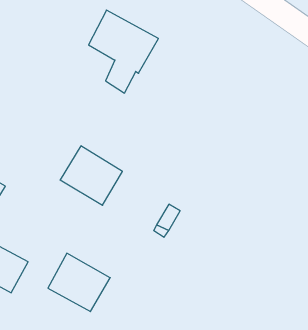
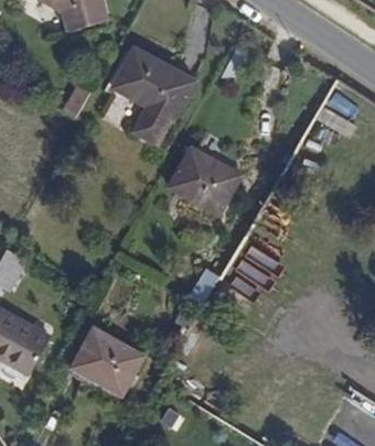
building: [60,146,122,205] -> [170,144,243,214]

